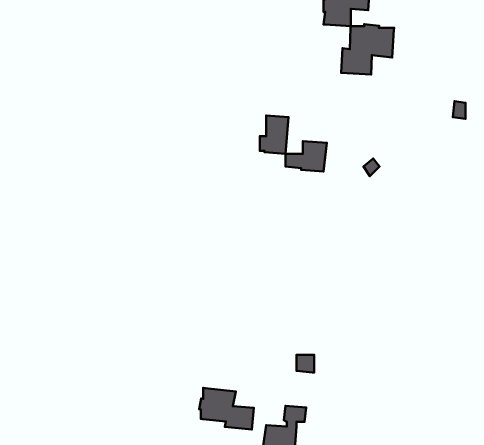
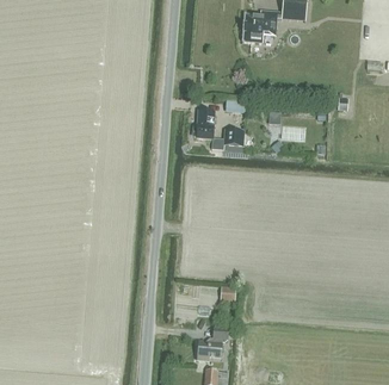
building: [341,24,394,74] -> none
building: [199,388,254,430] -> none

